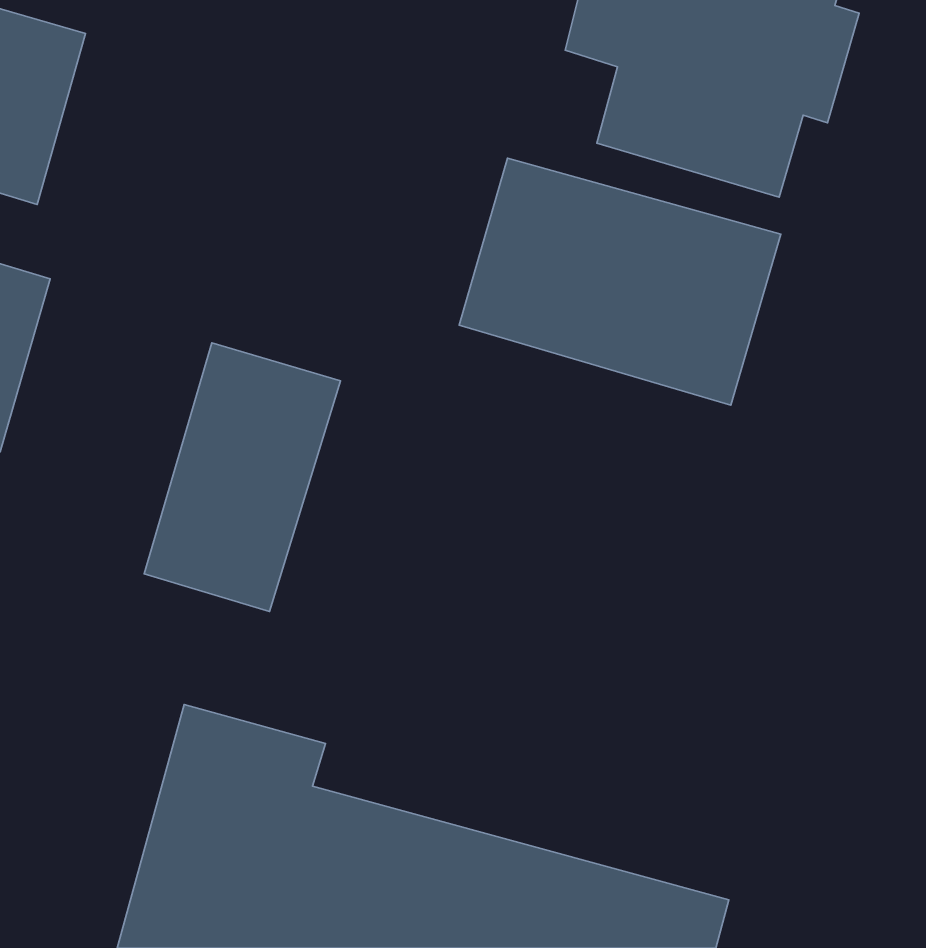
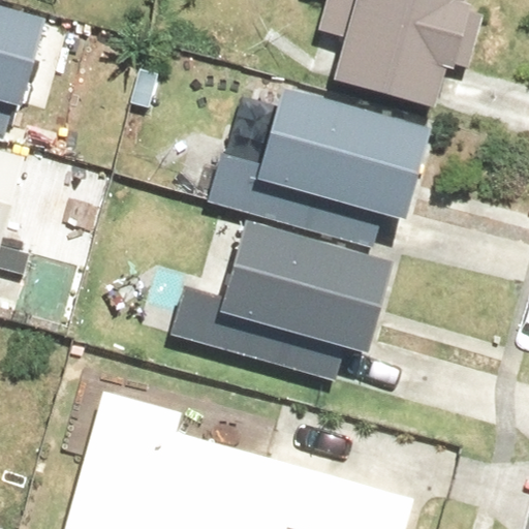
building: [144,343,341,611] -> none
building: none -> [217,219,396,357]

